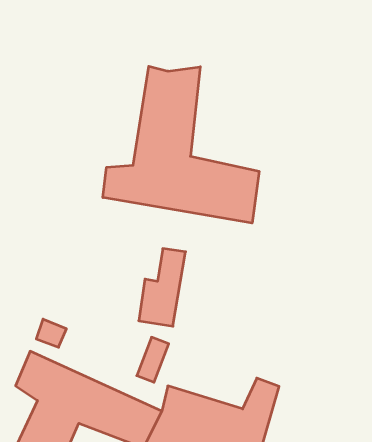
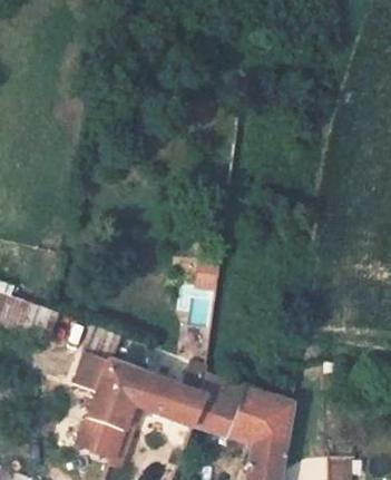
building: [103,66,259,223] -> none

